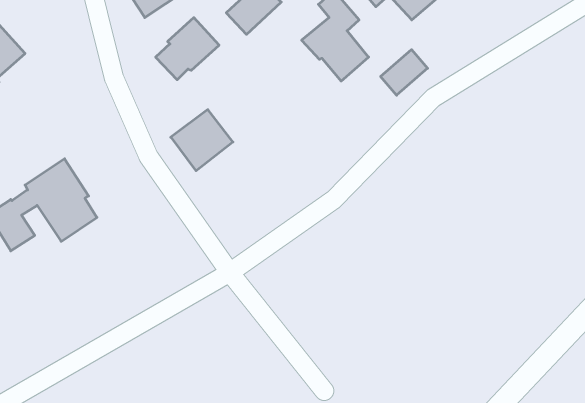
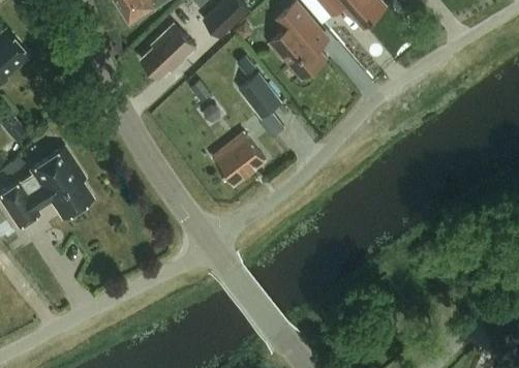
building: [381,50,428,95] -> none
building: none -> [238,73,281,118]
building: [171,110,233,171] -> [211,132,265,185]

